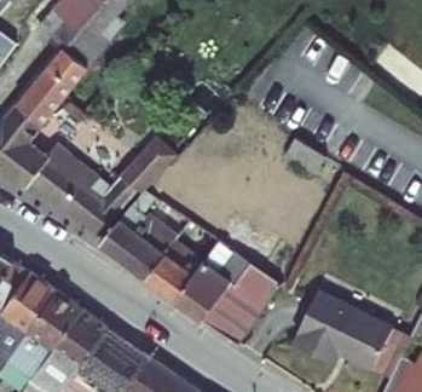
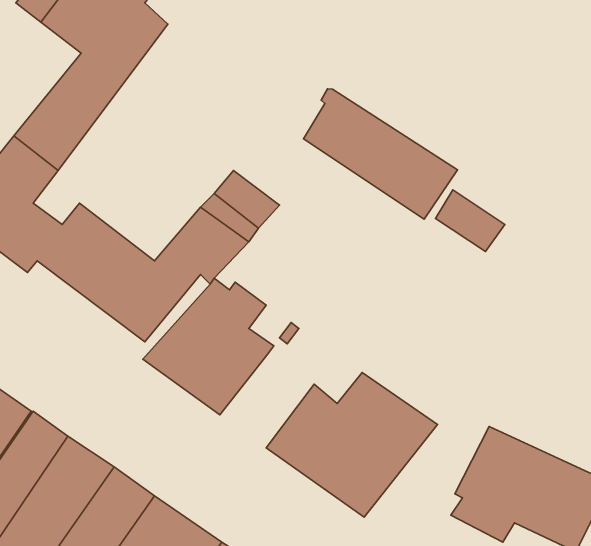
building: none -> [304,89,458,219]
building: [146,240,220,302] -> none

